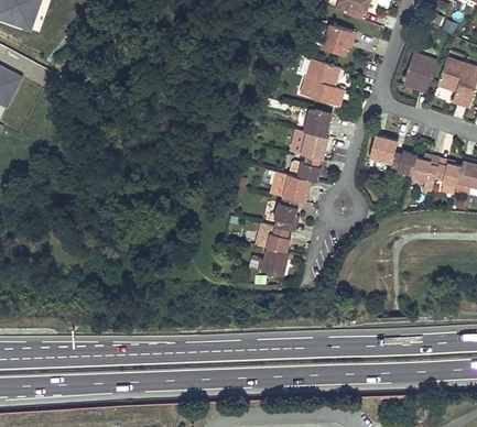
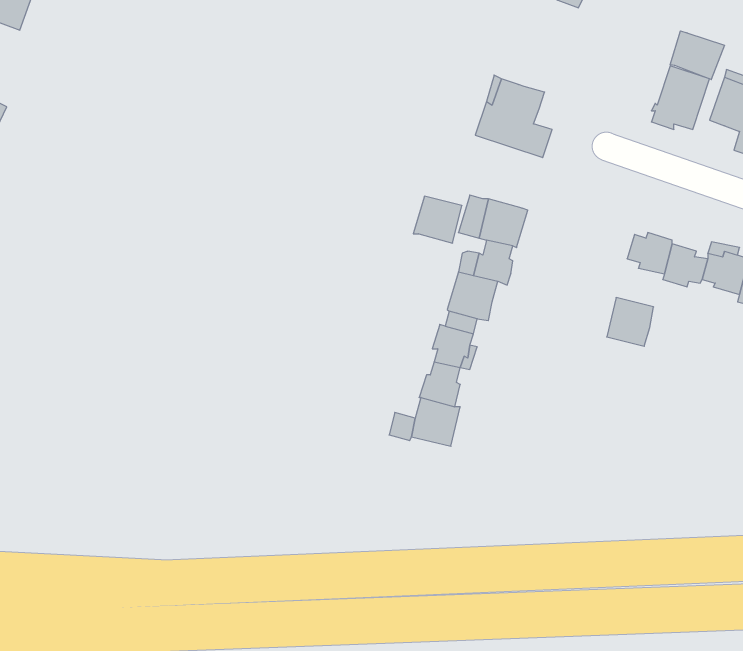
building: [322,21,356,55] -> none
building: none -> [670,31,725,80]
building: [304,108,333,135] -> [413,196,462,243]
building: [368,133,395,162] -> [607,298,654,346]

